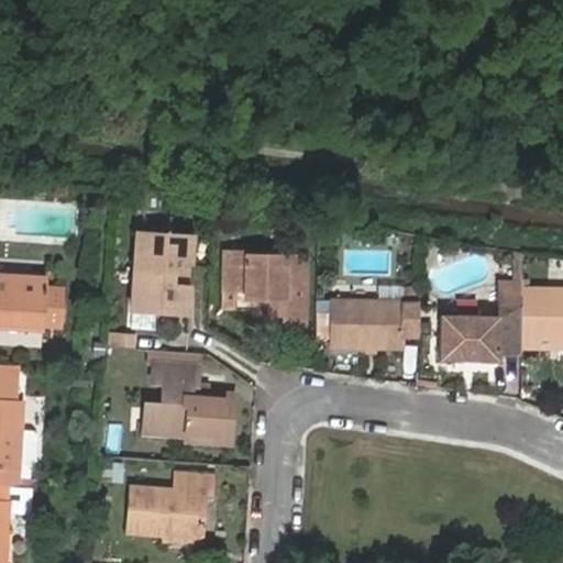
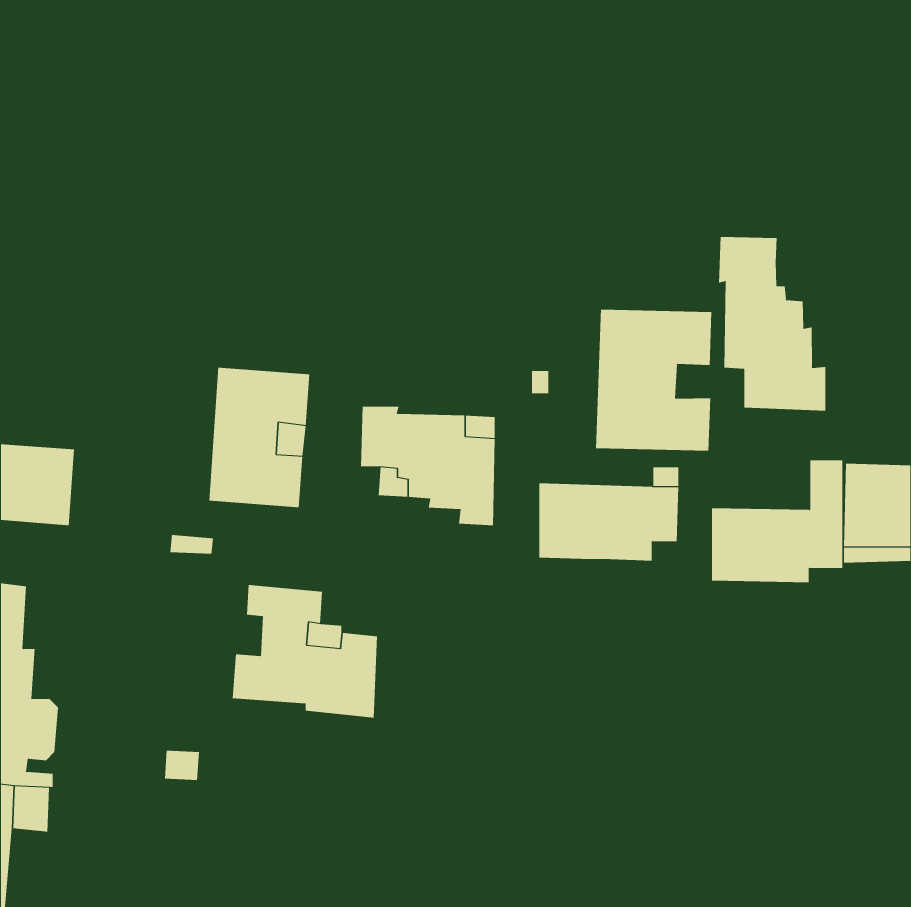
building: none -> [718,236,826,411]
building: none -> [595,309,712,452]
building: [129,474,212,539] -> none

